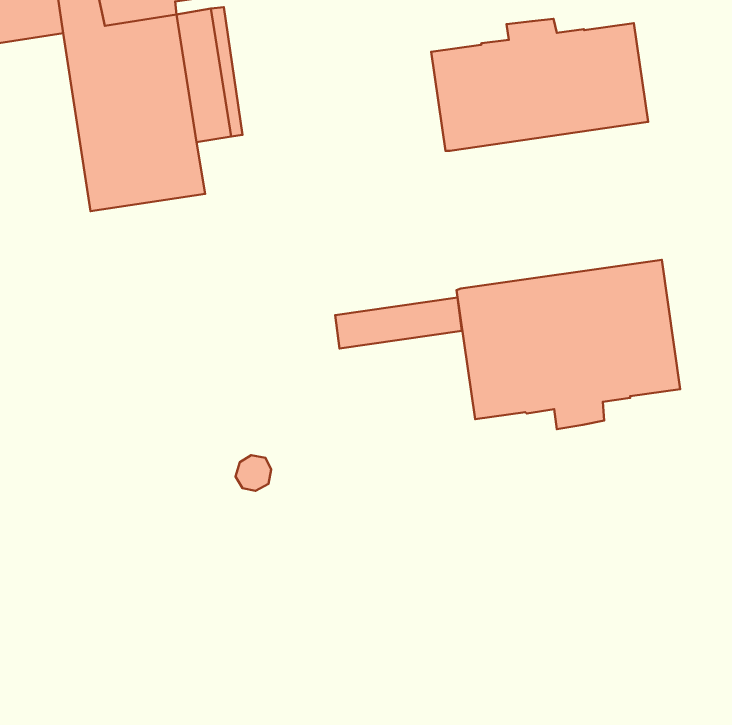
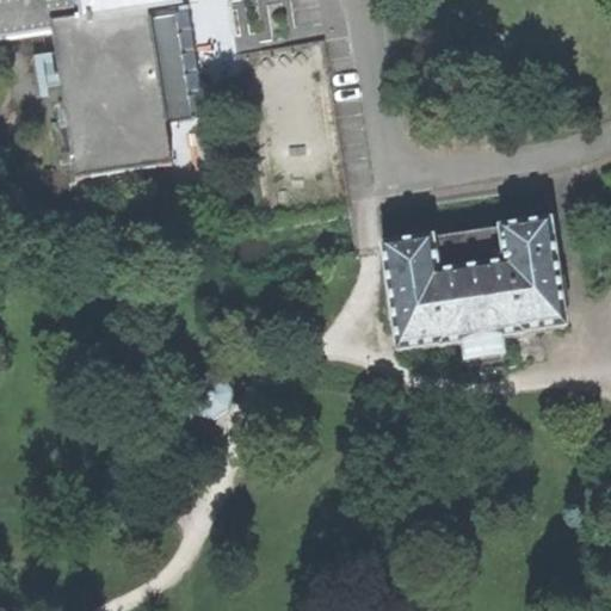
building: [431,19,648,151] -> none
building: [335,297,462,348] -> none

